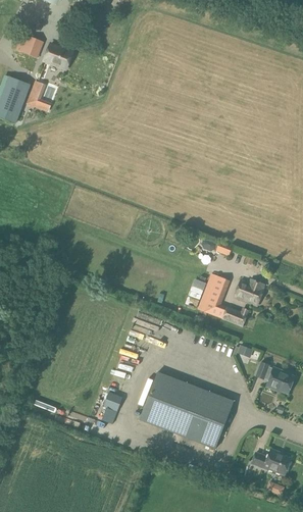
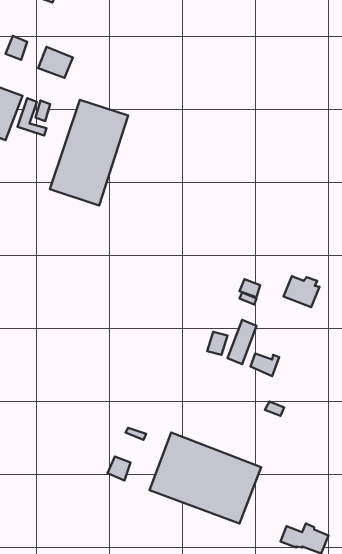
building: none -> [50,100,128,206]
building: [233,278,263,305] -> [284,276,320,307]
building: [254,360,294,392] -> none

